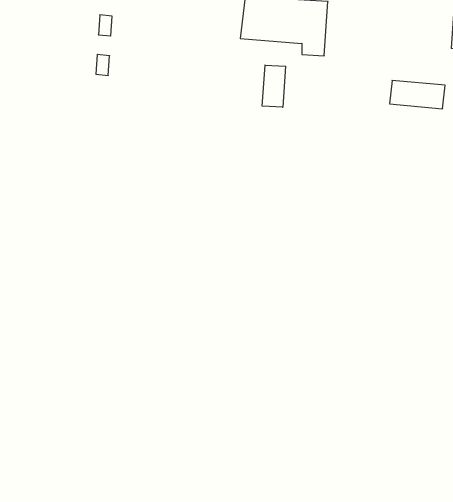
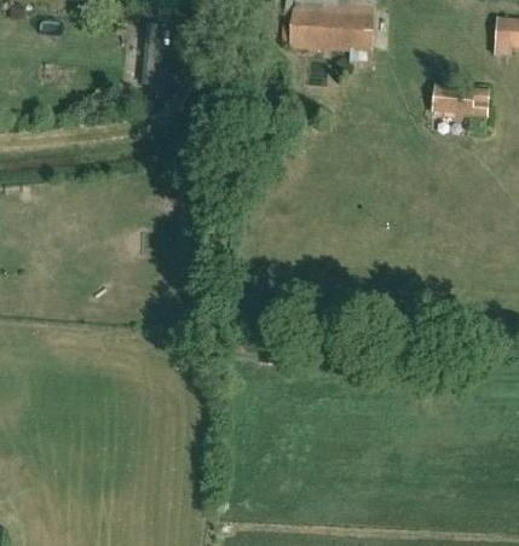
building: [262,65,286,107] -> none

